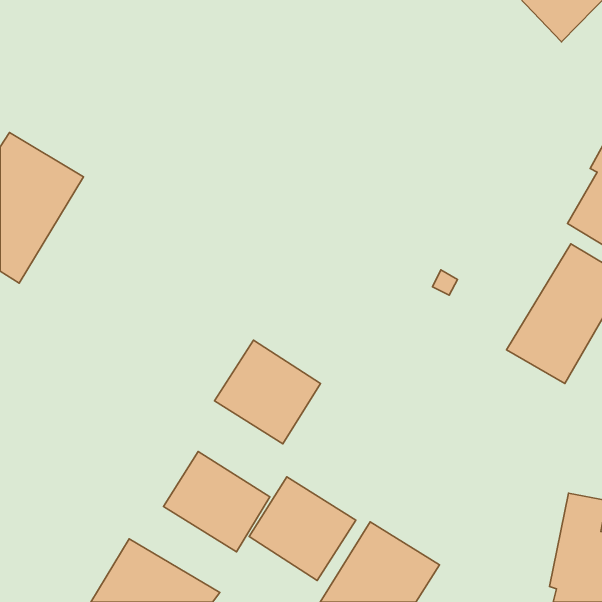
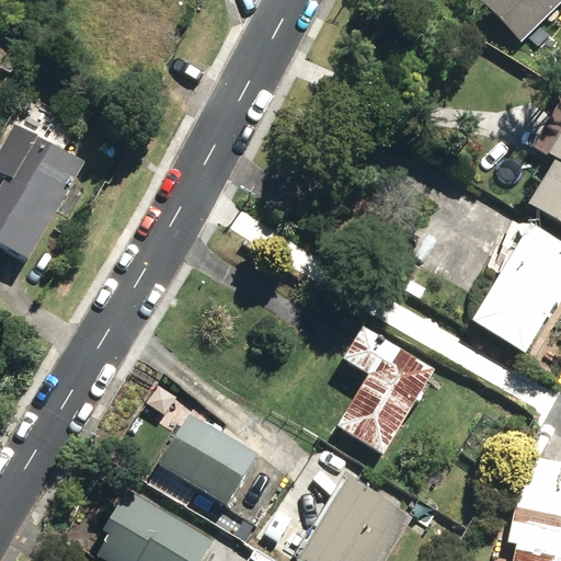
building: [215,340,321,444] -> none
building: none -> [337,328,434,455]
building: [249,477,356,580] -> none

